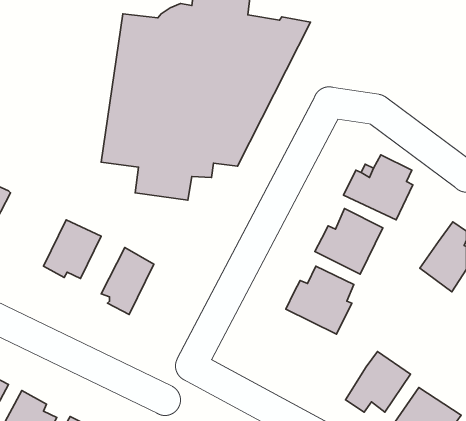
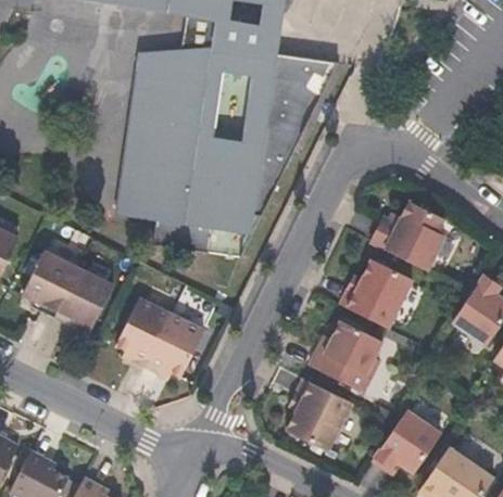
building: none -> [22,252,78,319]
building: none -> [144,317,204,382]
building: none -> [286,379,350,449]

